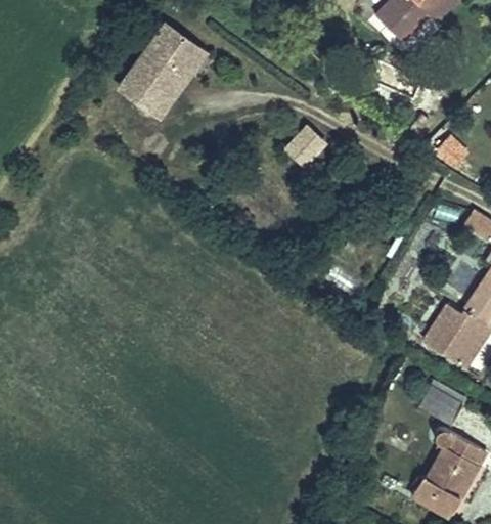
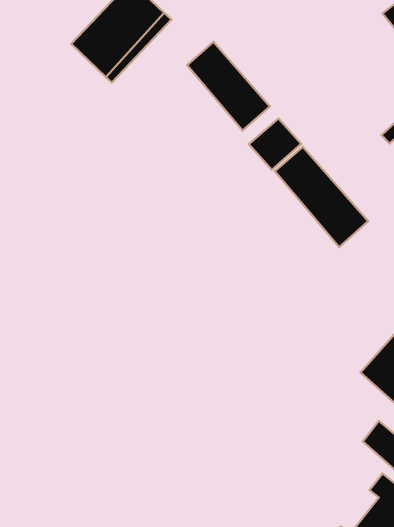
building: none -> [187,42,270,131]
building: none -> [275,147,368,247]

